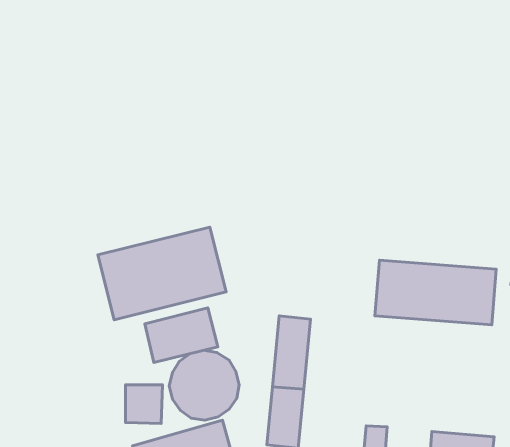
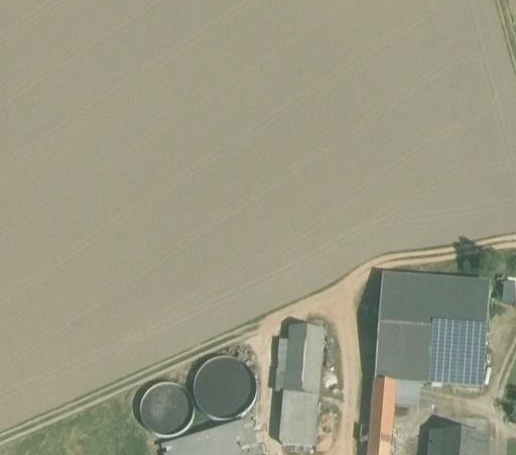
building: [98,227,226,320] -> none
building: [145,308,218,363] -> none
building: none -> [371,325,486,426]

